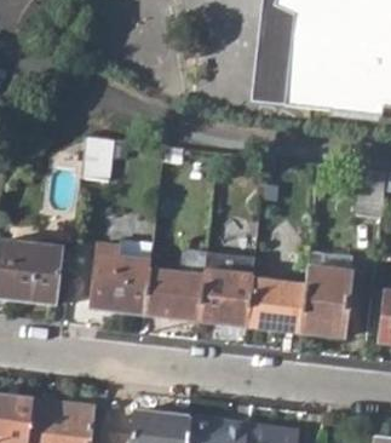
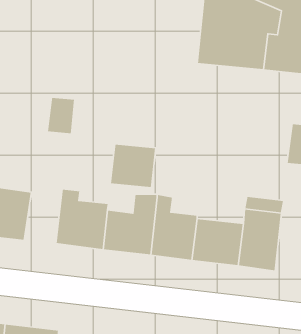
building: none -> [110,144,156,188]

